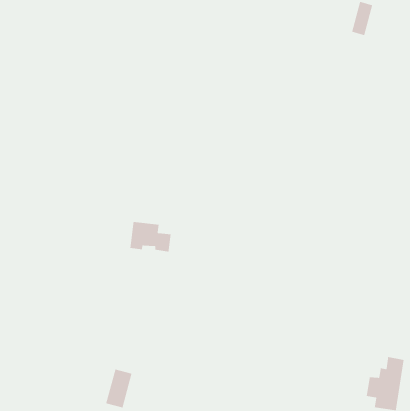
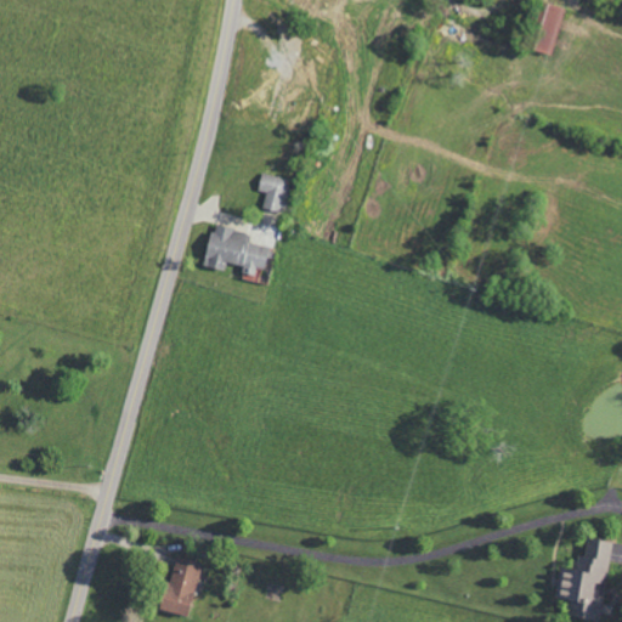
building: none -> [258,171,292,213]
building: [130,221,171,252] -> [205,226,268,273]

